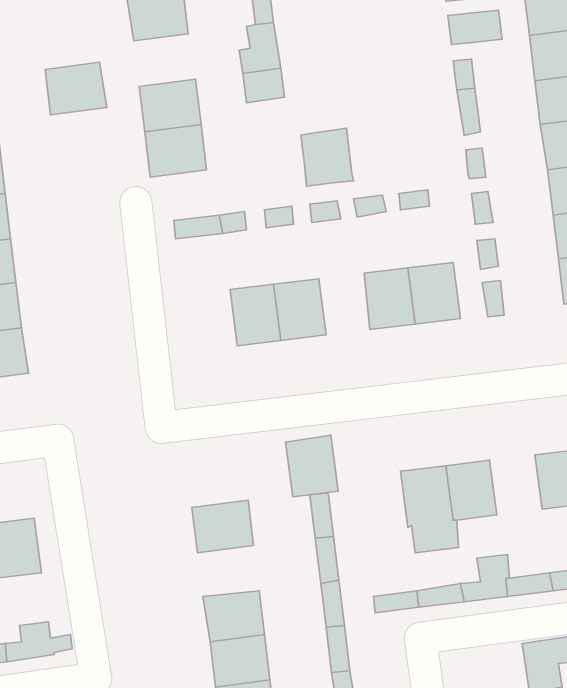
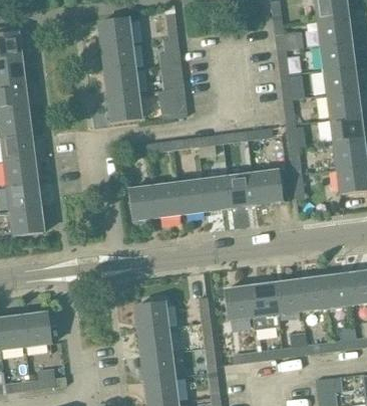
building: [45,62,107,115] -> [101,43,135,72]
building: [301,128,354,186] -> [160,87,190,120]
building: none -> [204,176,232,210]
building: none -> [129,185,158,219]
building: [286,435,338,497] -> [224,285,253,320]
building: none -> [298,276,327,310]
building: none -> [136,327,170,355]

